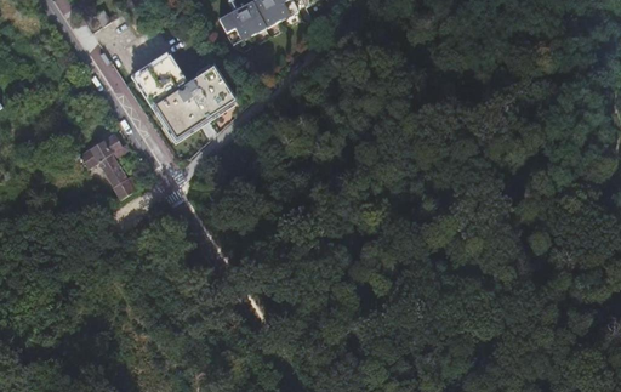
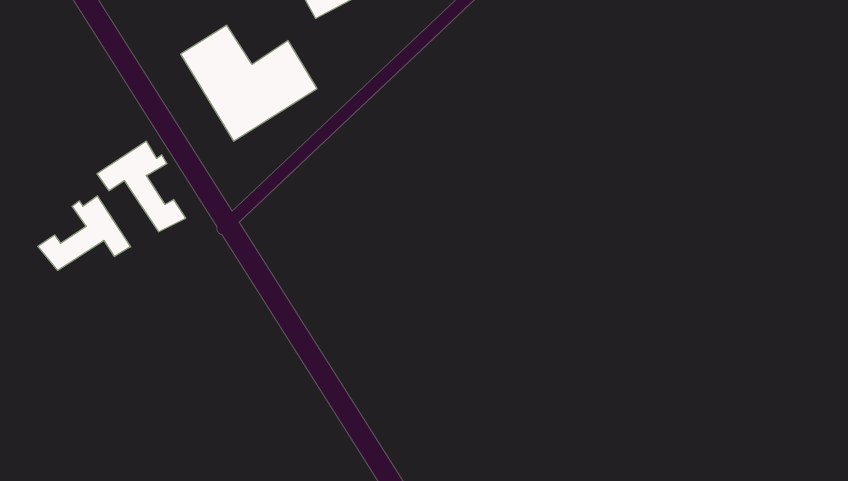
building: none -> [38,196,131,270]

